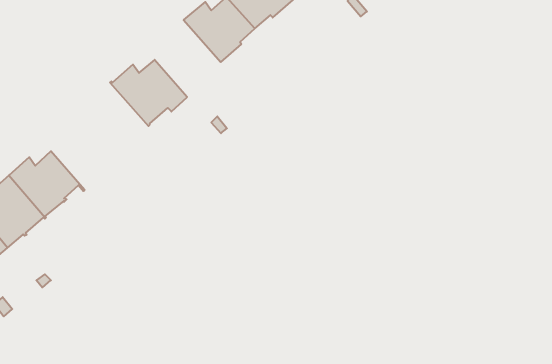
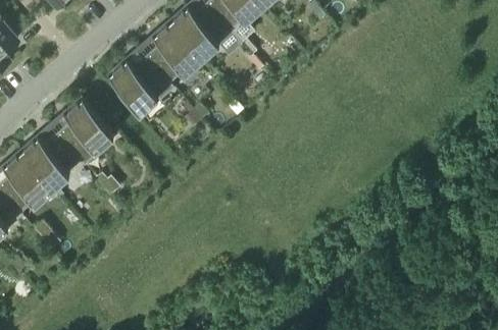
building: none -> [147,20,203,86]
building: none -> [59,97,116,164]

